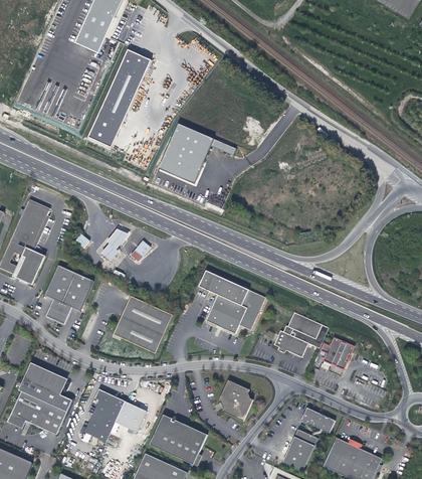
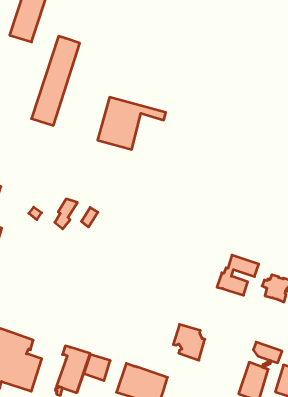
building: [45,263,93,322] -> none
building: [197,269,263,331] -> none
building: [111,294,170,351] -> none

